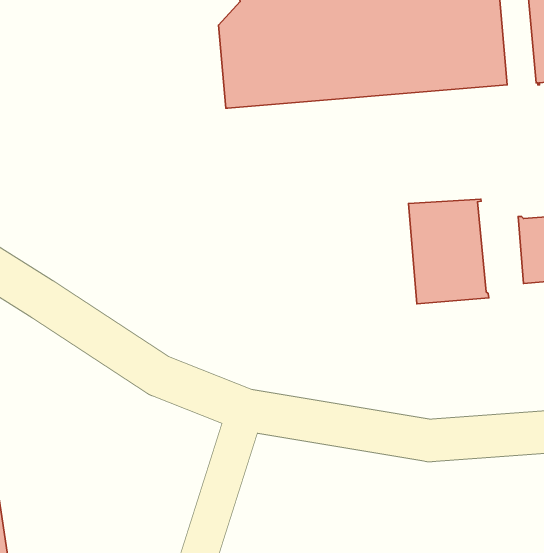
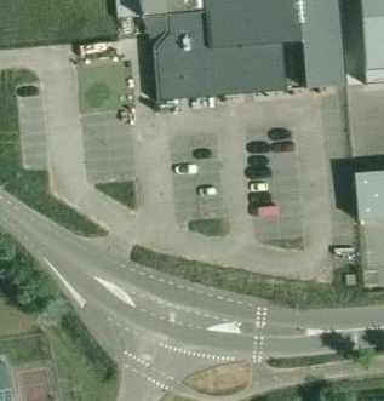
building: [408,199,489,304] -> none

